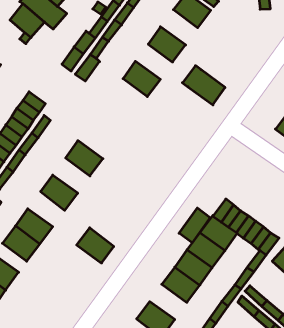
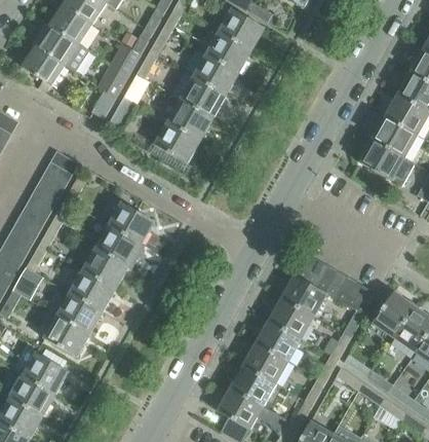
building: none -> [205,31,250,72]
building: [182,66,225,105] -> [172,72,225,117]
building: none -> [154,121,199,163]
building: none -> [95,225,141,266]
building: [179,208,210,243] -> none
building: [77,228,114,263] -> [70,269,115,310]
building: none -> [230,365,275,406]

